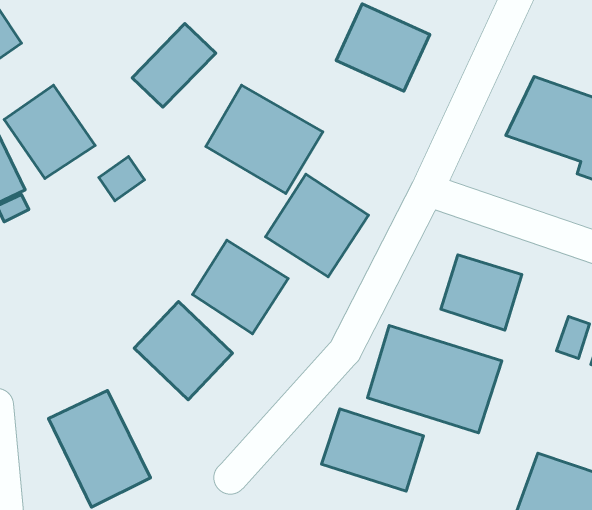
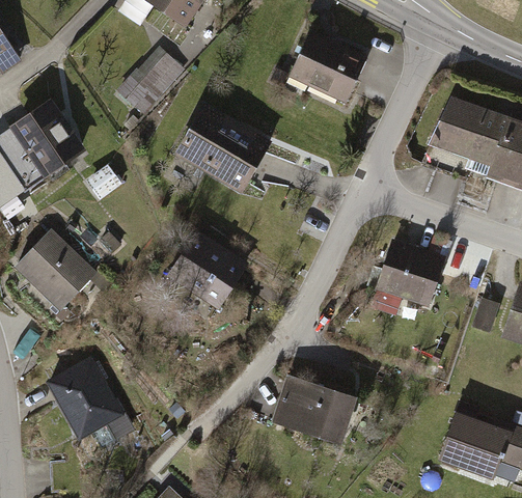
building: [266,174,369,277] -> none
building: [134,301,232,400] -> [10,230,93,313]
building: [367,326,502,433] -> none

